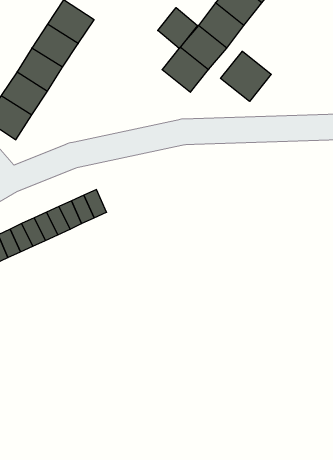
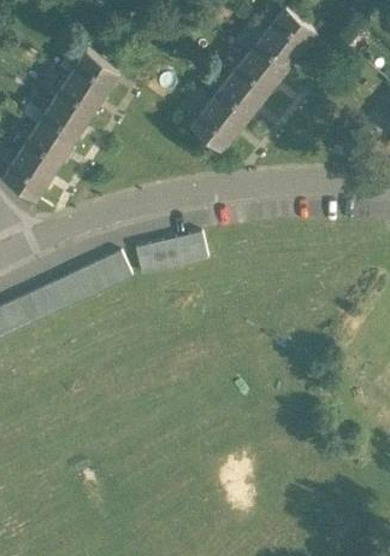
building: [158,8,197,48] -> none
building: [221,51,271,101] -> none
building: none -> [135,232,207,275]

